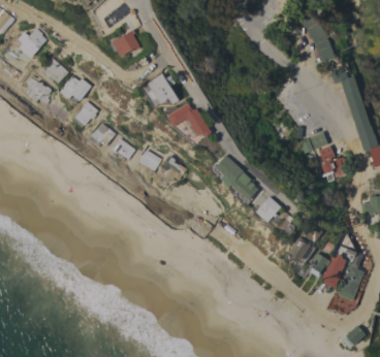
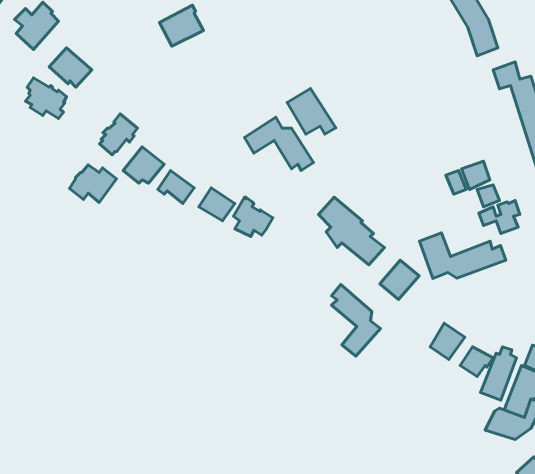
building: [148,74,180,104] -> [287,88,336,134]
building: [59,76,90,101] -> [69,165,117,203]
building: none -> [420,233,506,279]
building: none -> [331,285,380,356]

